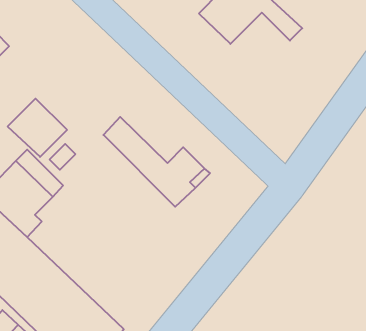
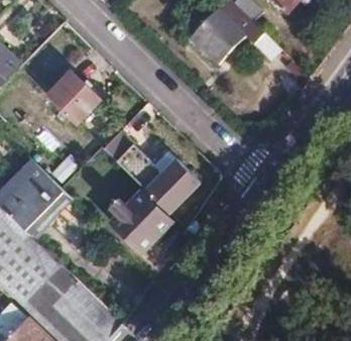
building: [8,99,67,157] -> [46,71,100,123]
building: none -> [110,193,170,251]

